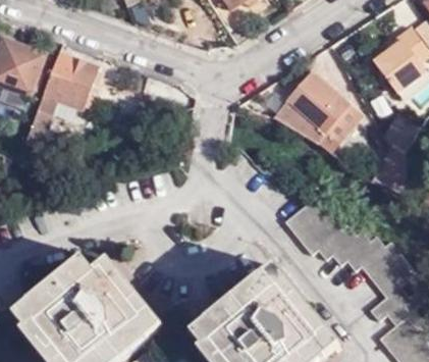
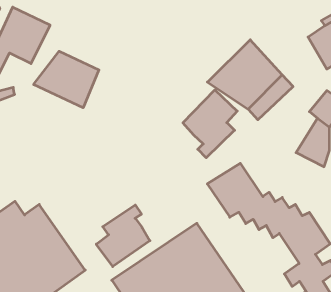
building: none -> [34,51,99,108]
building: none -> [183,90,237,158]
building: none -> [96,205,150,267]

